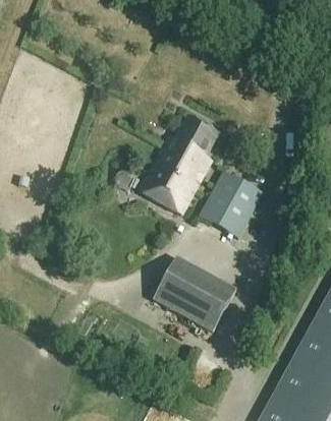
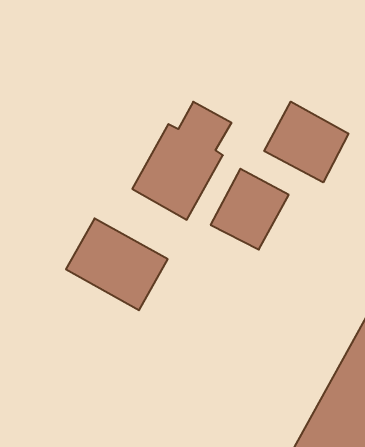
building: none -> [264,102,348,182]
building: [154,256,237,332] -> [66,218,168,310]

